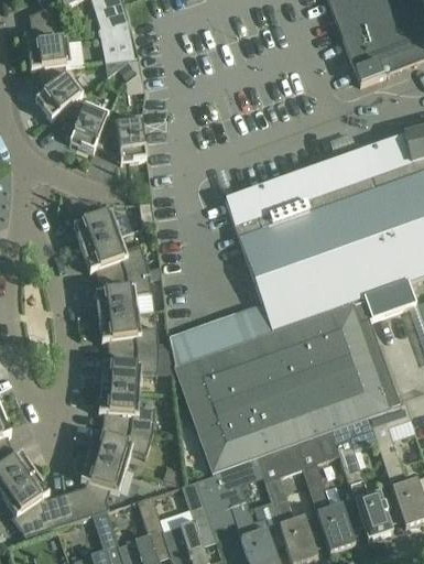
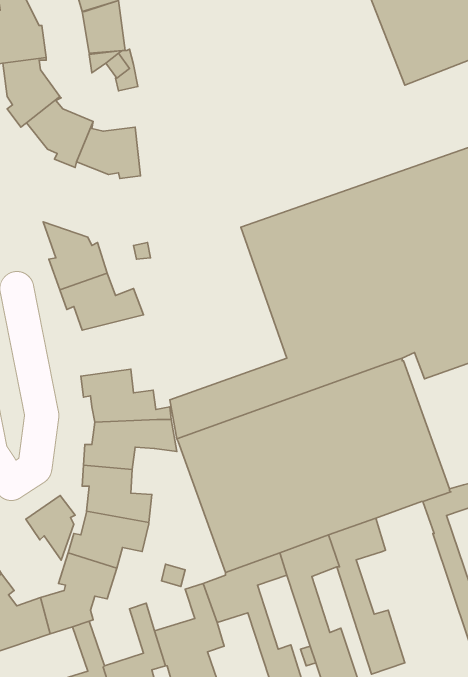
building: [95,267,151,315] -> none
building: none -> [26,495,75,560]
building: [331,414,392,539] -> none

